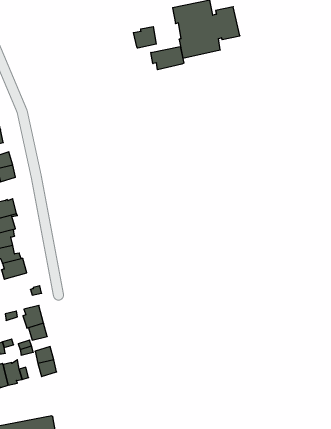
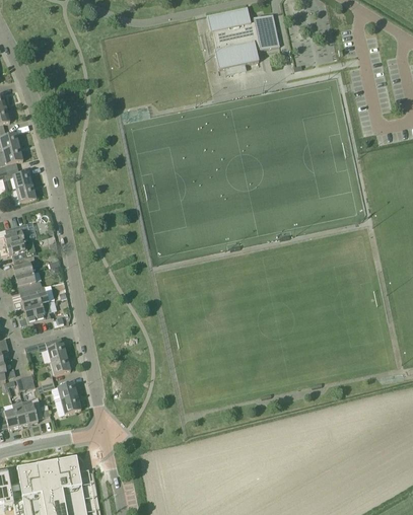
building: [133,27,156,48] -> none
building: [151,47,184,70] -> none
building: none -> [23,301,51,323]

